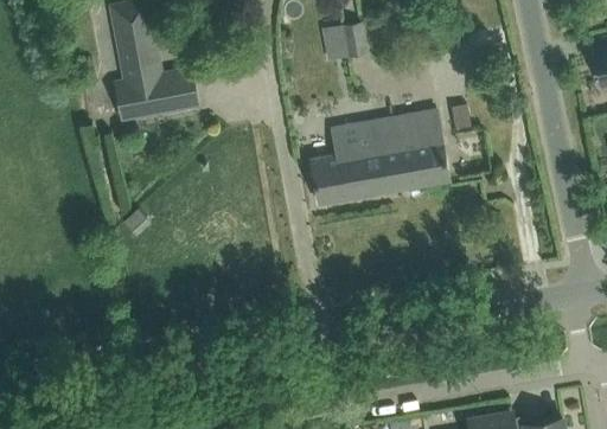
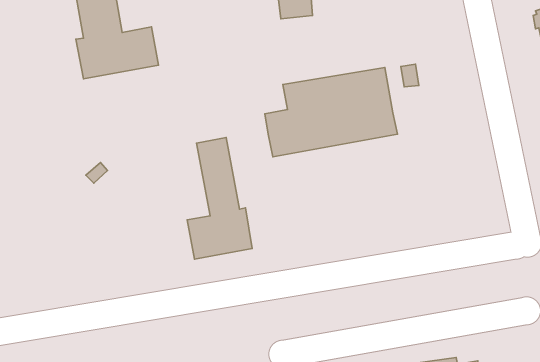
building: none -> [187,138,252,259]

